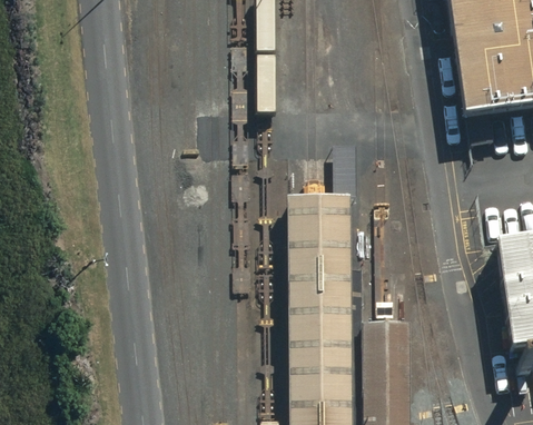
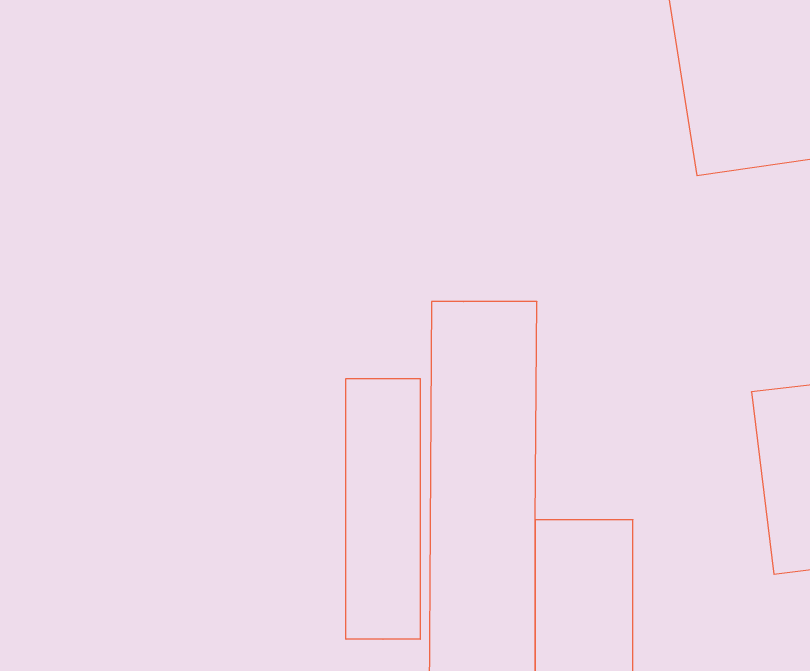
building: none -> [346,379,420,639]

